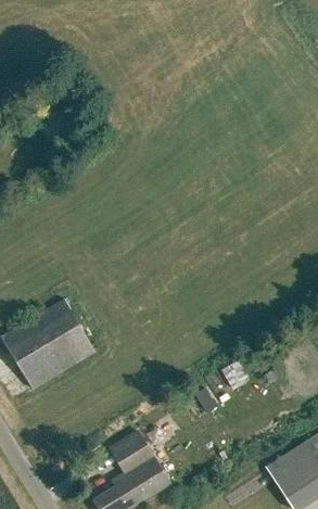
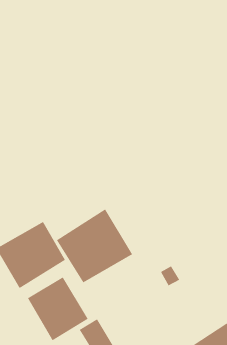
building: none -> [56,209,133,283]
building: none -> [27,276,89,341]

